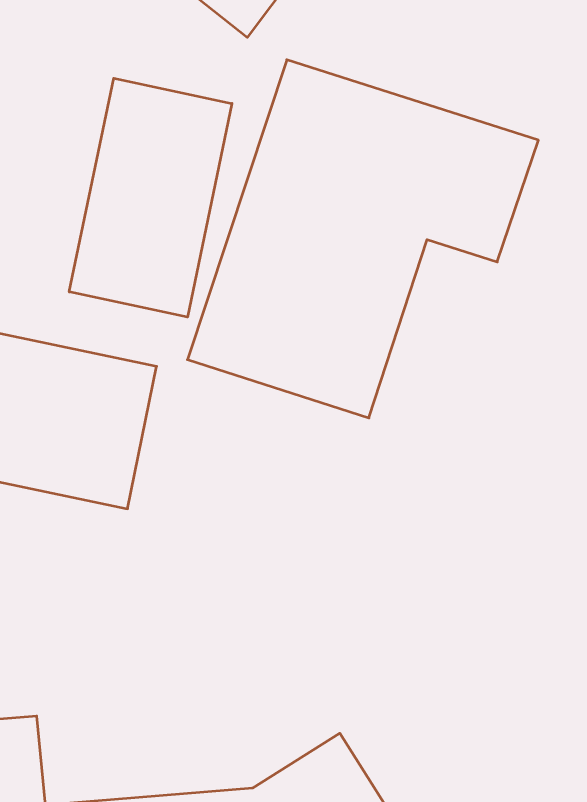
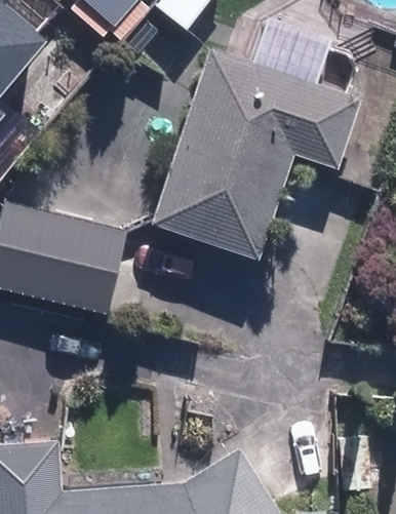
building: [69,78,232,317] -> none

